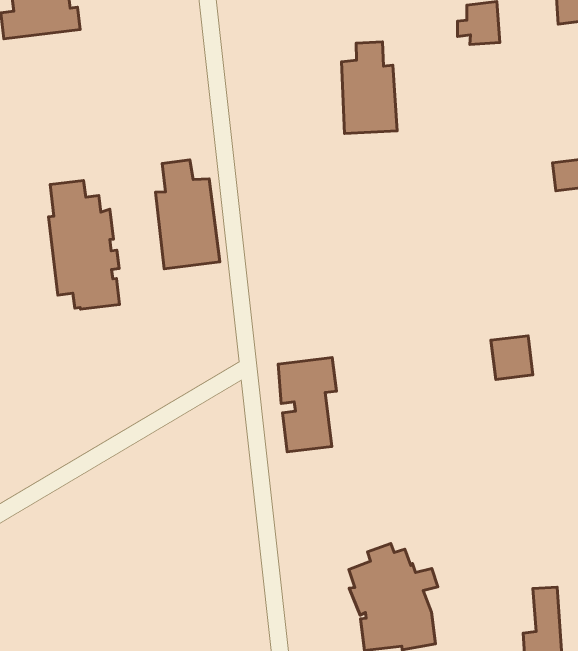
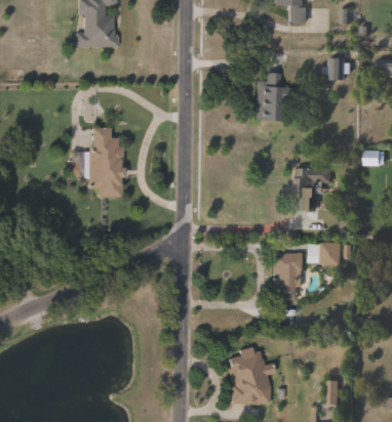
building: [156,160,220,269] -> none
building: none -> [290,168,331,211]
building: [278,358,336,452] -> [272,251,303,299]

